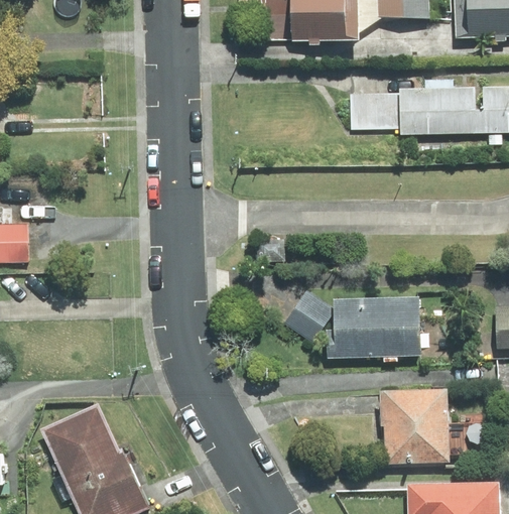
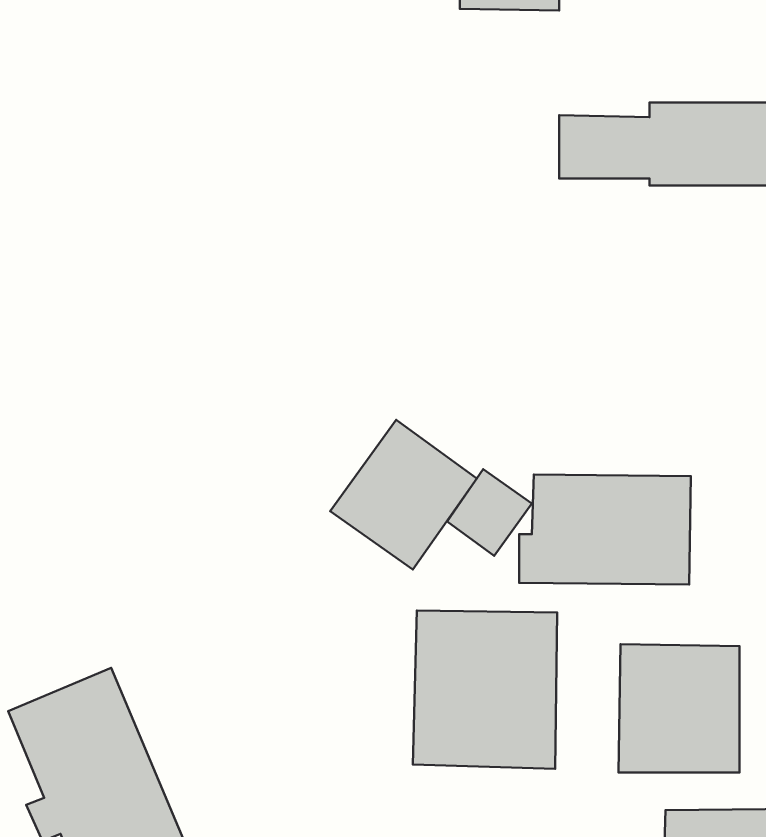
building: none -> [330,420,477,569]
building: none -> [413,611,557,769]

